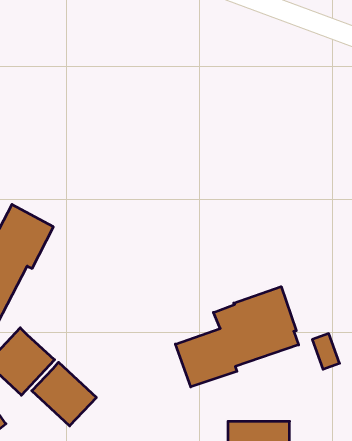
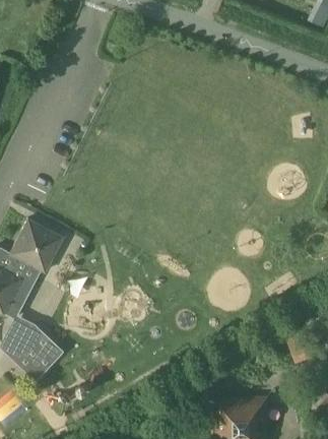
building: [175,287,299,387] -> none
building: [32,362,96,426] -> none

